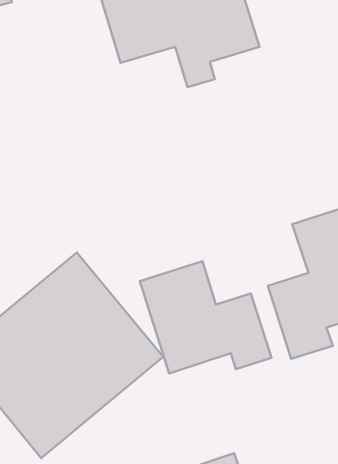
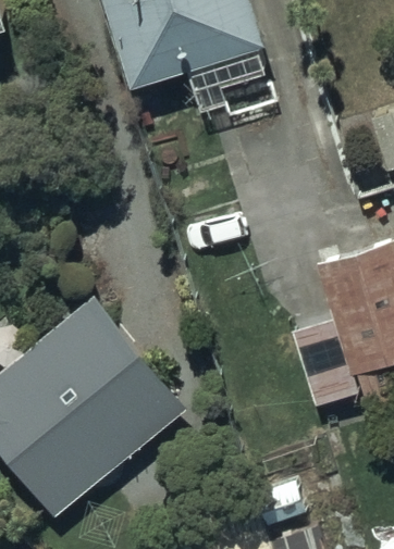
building: [140,261,271,373] -> none

